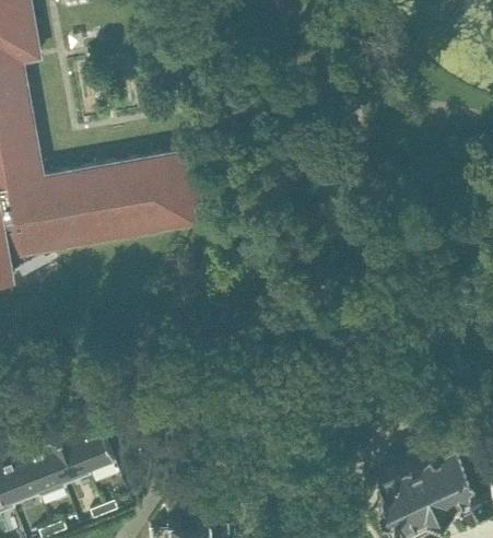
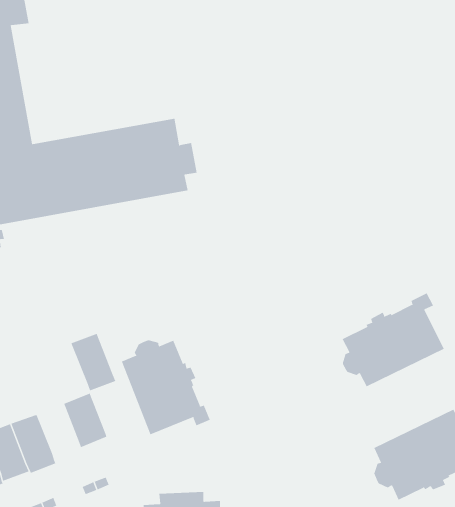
building: none -> [342,292,445,387]
building: none -> [121,339,210,435]
building: [44,434,89,491] -> [71,333,116,391]

